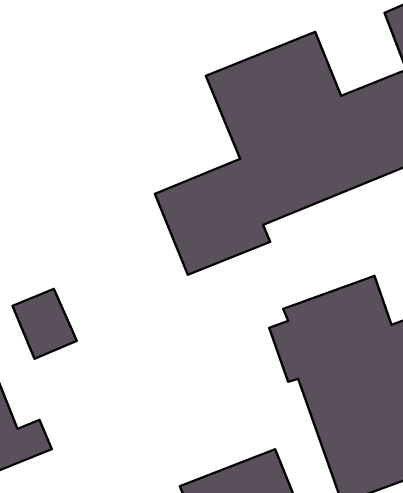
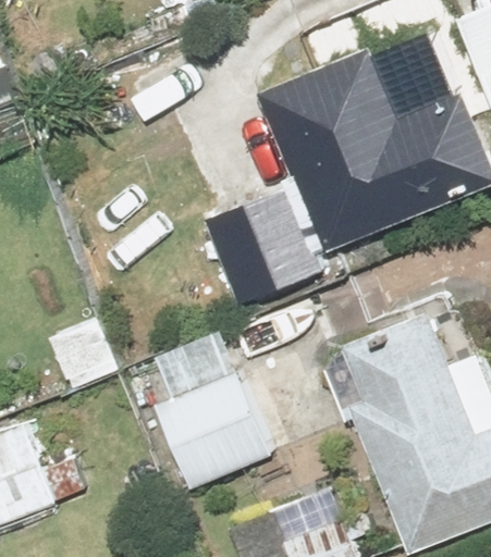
building: none -> [159,333,280,488]

